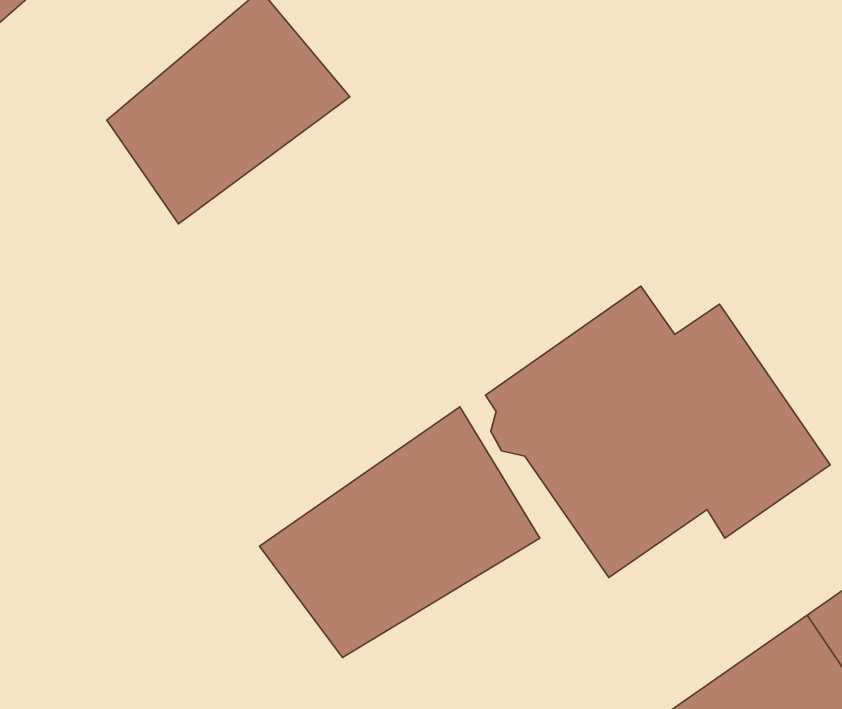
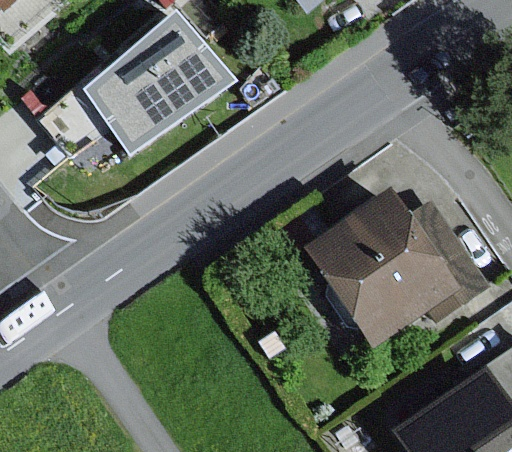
building: [260,407,540,657] -> none

